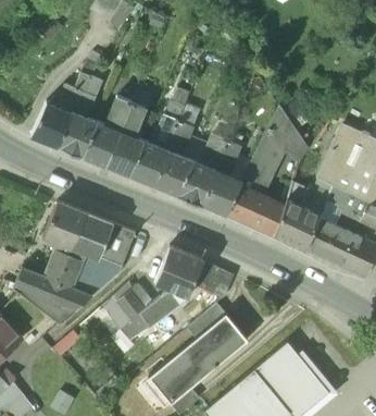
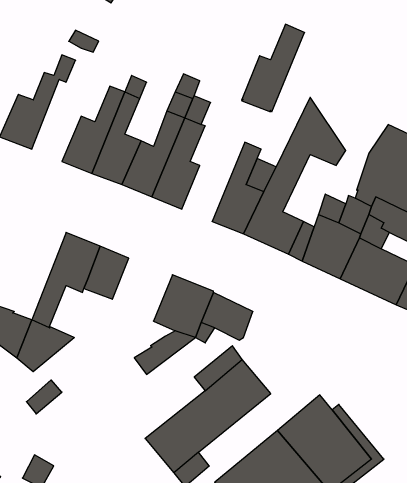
building: [58,75,103,156] -> none
building: [177,134,227,204] -> [242,24,305,112]
building: [42,201,85,282] -> none
building: [72,255,122,296] -> none
building: [105,284,153,341] -> none

